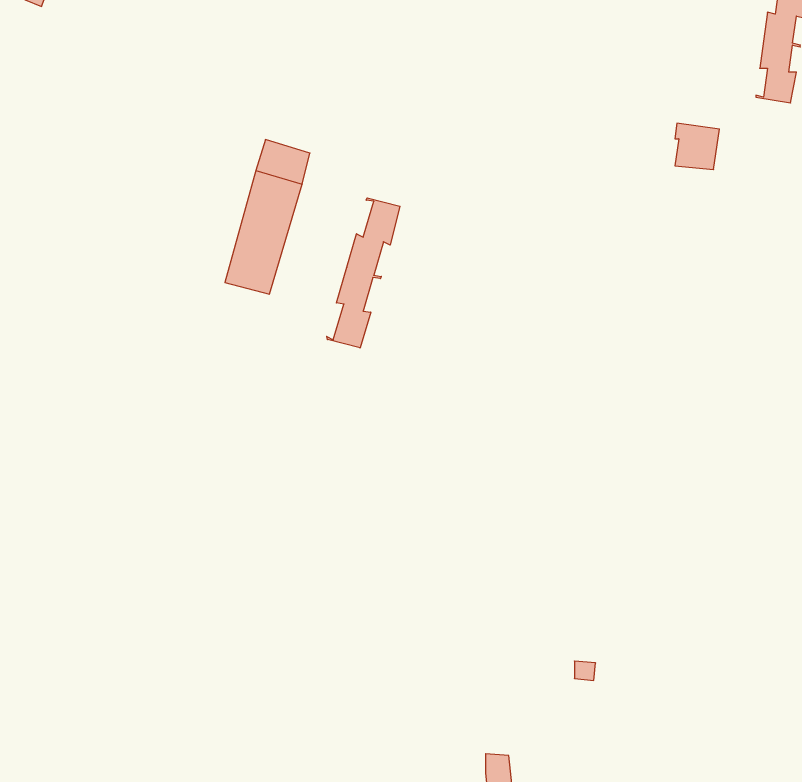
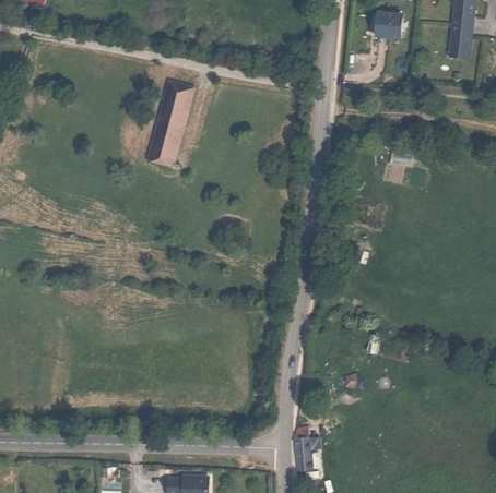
building: [675,123,719,170] -> [378,13,403,39]
building: [327,198,400,348] -> none

